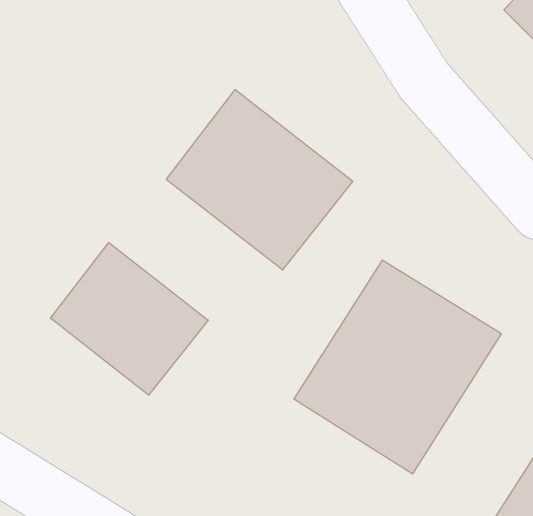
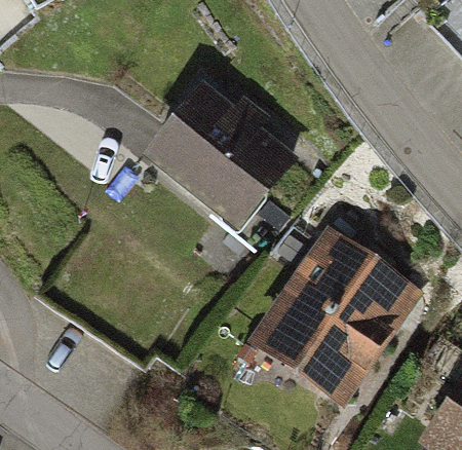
building: [50,243,208,395] -> none

